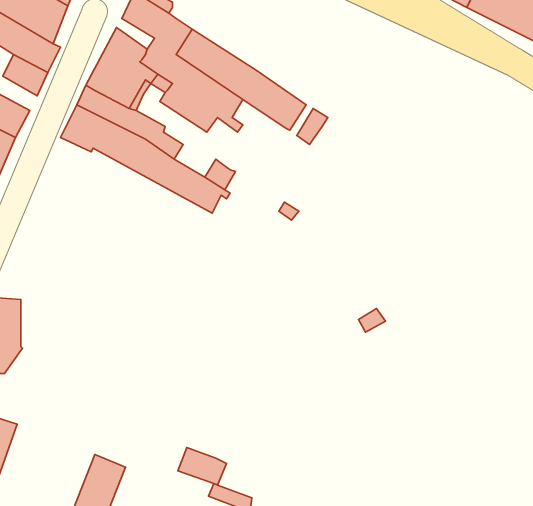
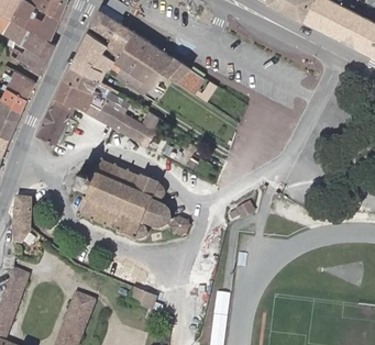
building: none -> [37,98,74,142]
building: none -> [73,158,188,240]

